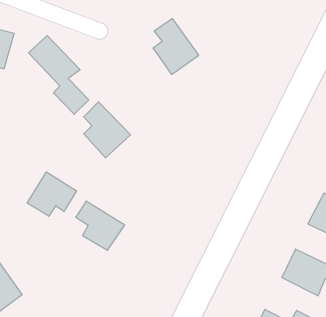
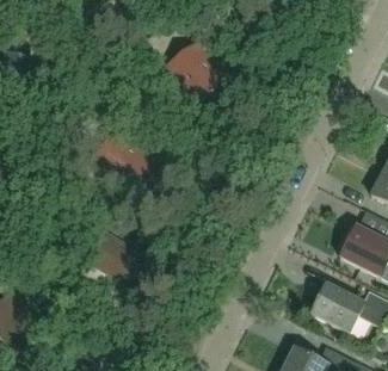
building: [29,36,89,114] -> none
building: [27,172,76,216] -> none

